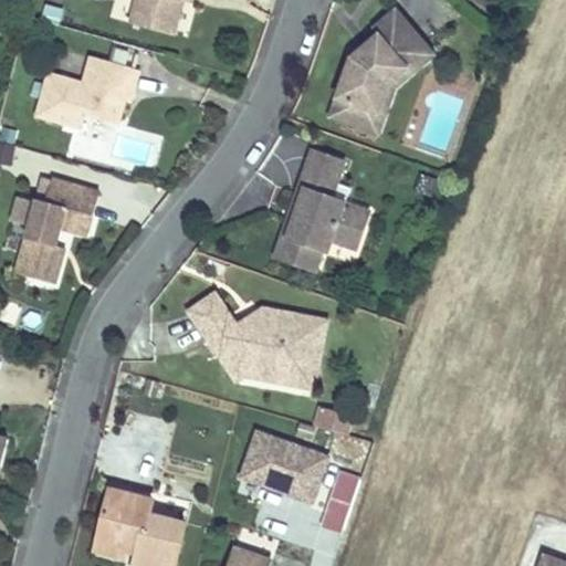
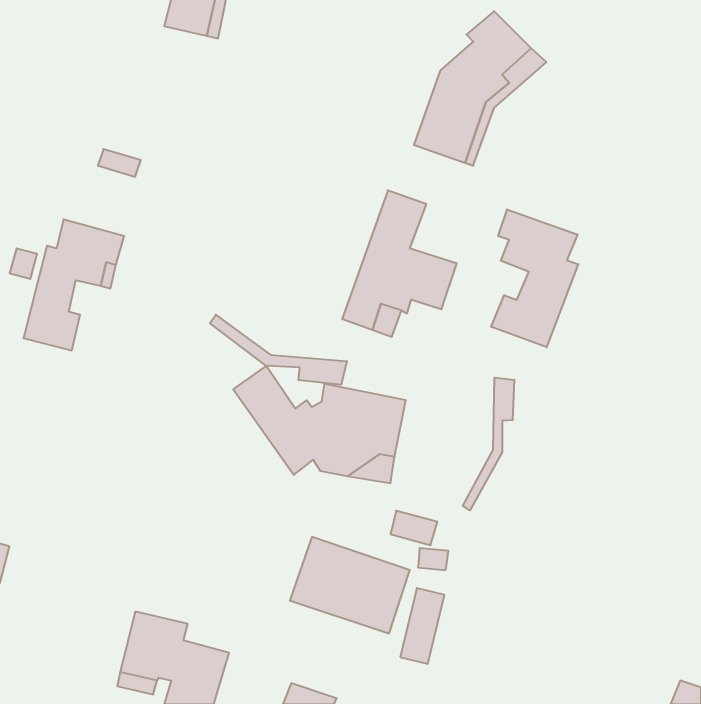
building: [34,54,135,125] -> none
building: none -> [491,209,578,347]
building: none -> [210,315,347,385]
building: none -> [463,378,514,510]

